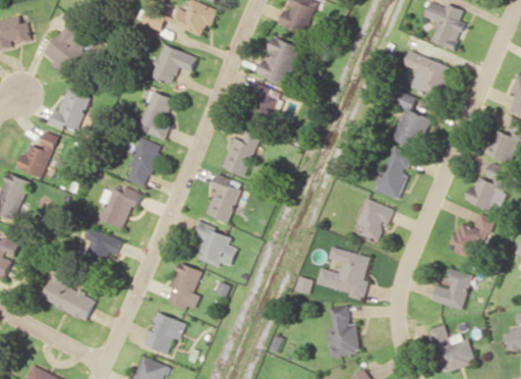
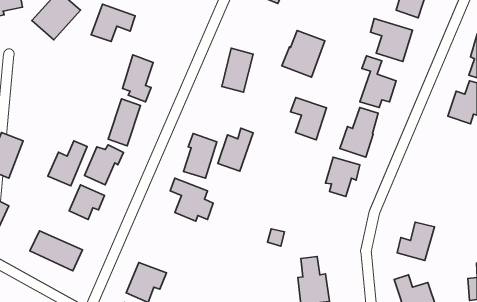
building: [255,36,301,86] -> [282,30,325,77]
building: [150,44,196,84] -> [91,4,135,42]
building: [49,89,89,132] -> none
building: [17,129,59,177] -> [48,141,87,186]
building: [220,129,257,175] -> [218,128,253,171]
building: none -> [291,98,327,140]
building: [465,168,506,210] -> none
building: [448,213,493,263] -> none
building: [314,247,368,296] -> none
building: [164,262,199,309] -> none

